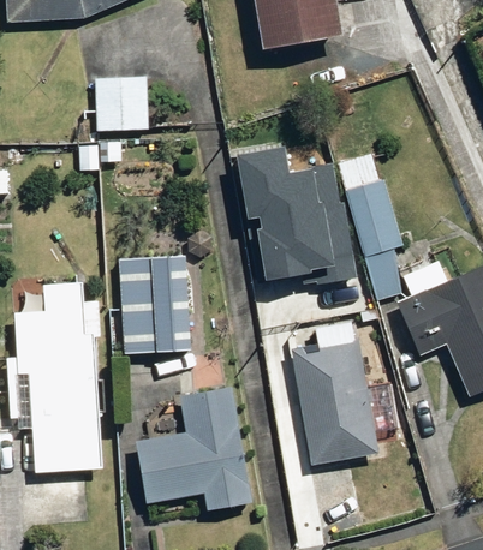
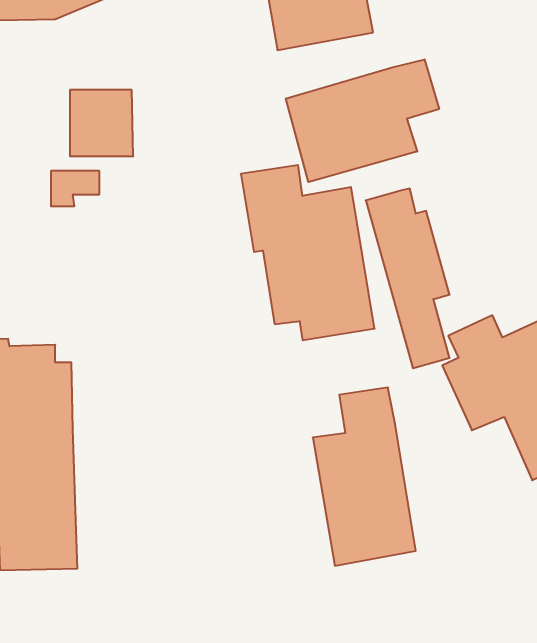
building: none -> [286,59,439,182]
building: [115,264,184,360] -> none
building: [137,387,252,512] -> none

